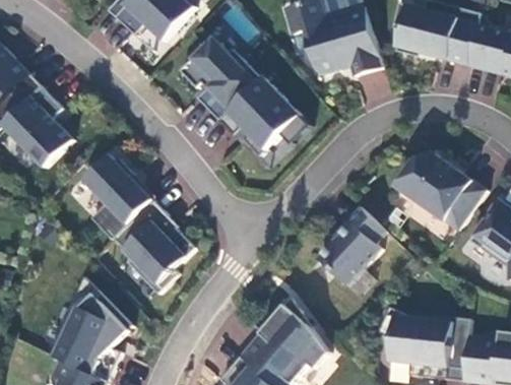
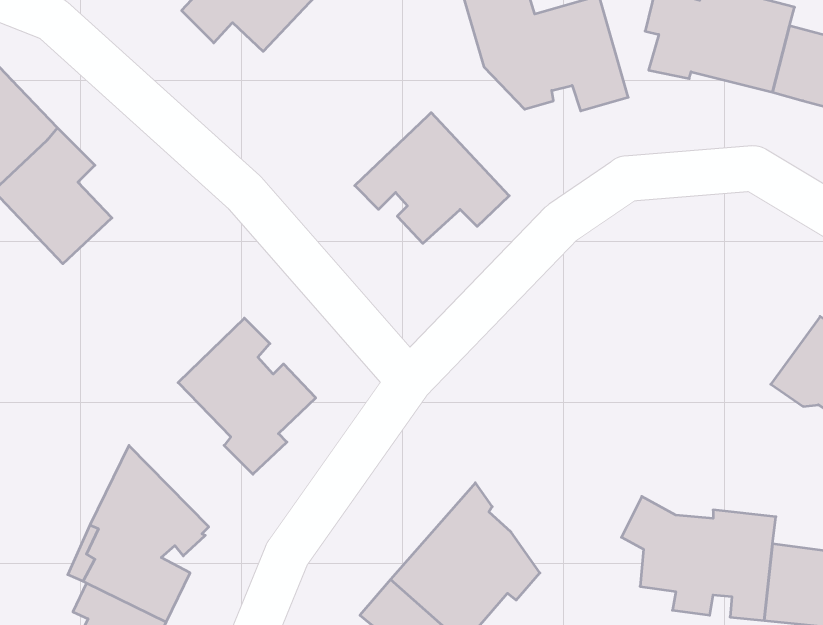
building: [180,42,262,120] -> none
building: [396,152,487,230] -> none
building: [84,154,152,239] -> none
building: [316,205,384,283] -> none

